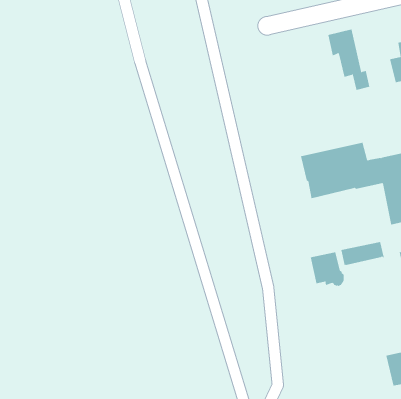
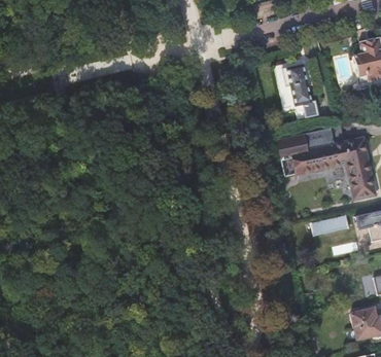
building: [327,29,370,91] -> [281,62,318,115]
building: [310,251,344,287] -> none

